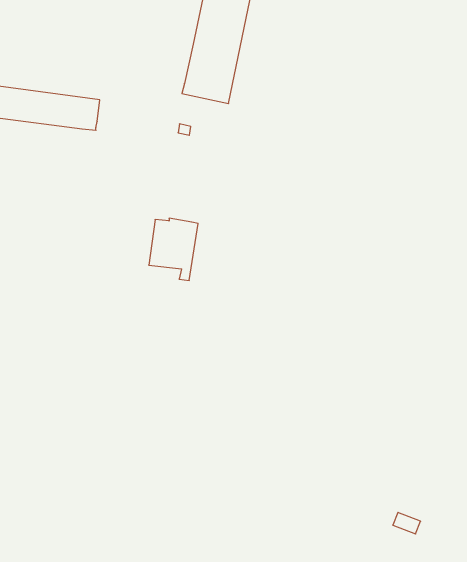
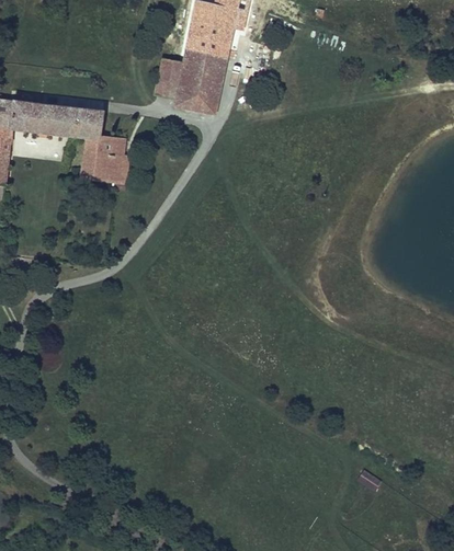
building: none -> [156,59,184,97]
building: [149,218,198,280] -> [82,136,125,190]

